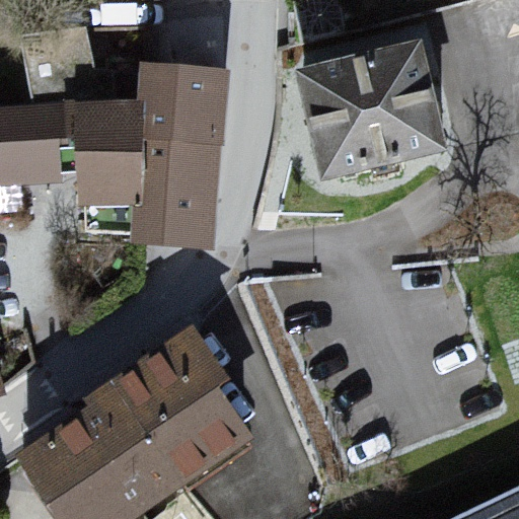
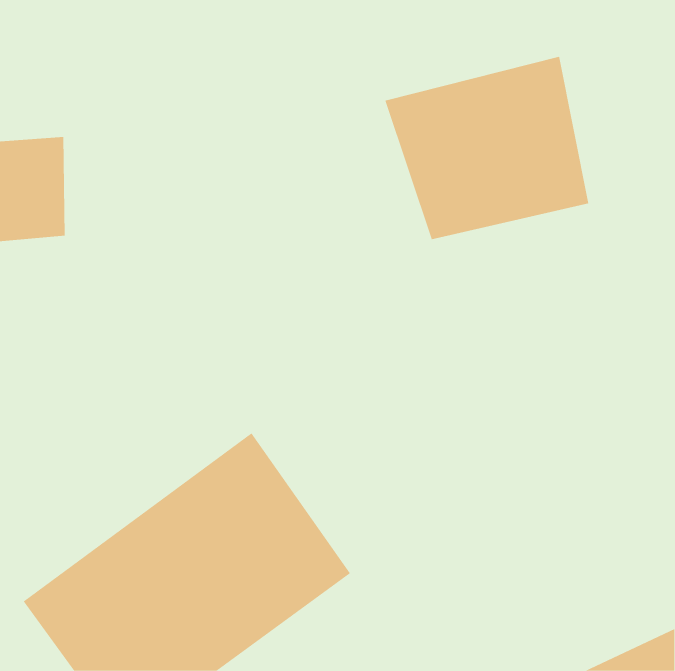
building: [81,63,227,246] -> none

